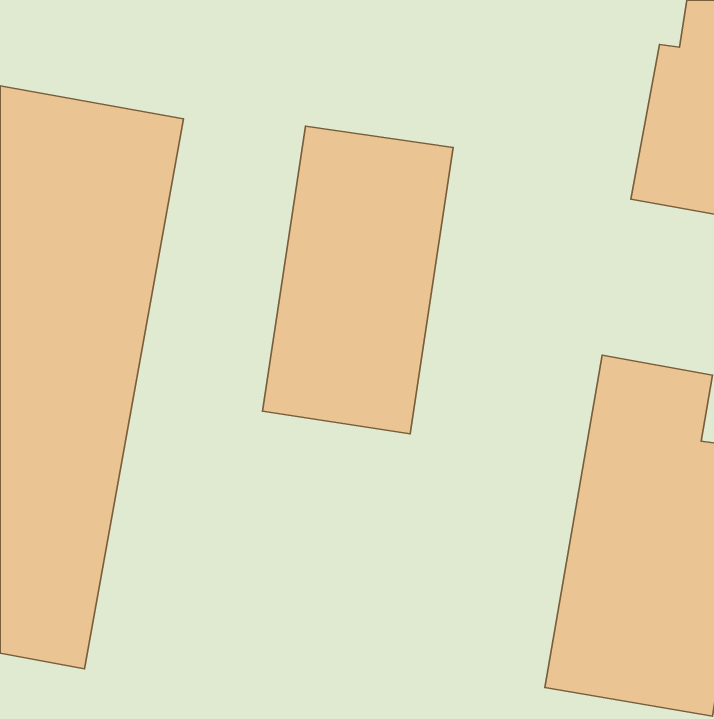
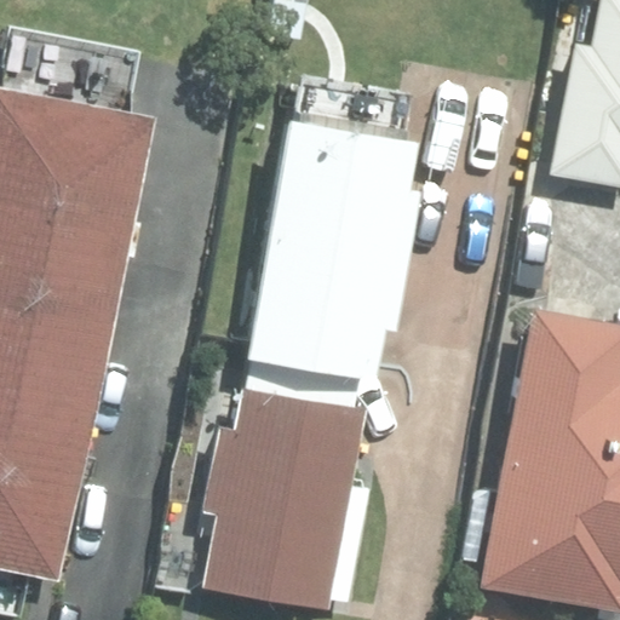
building: none -> [197,392,364,614]

